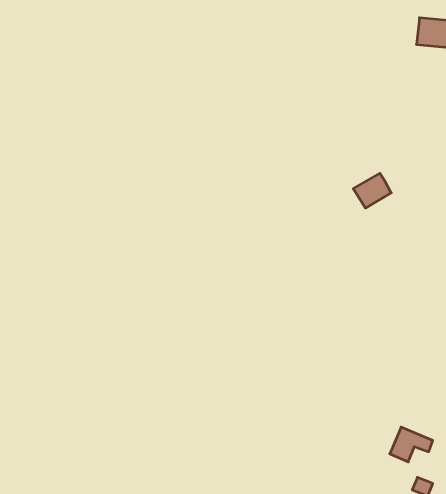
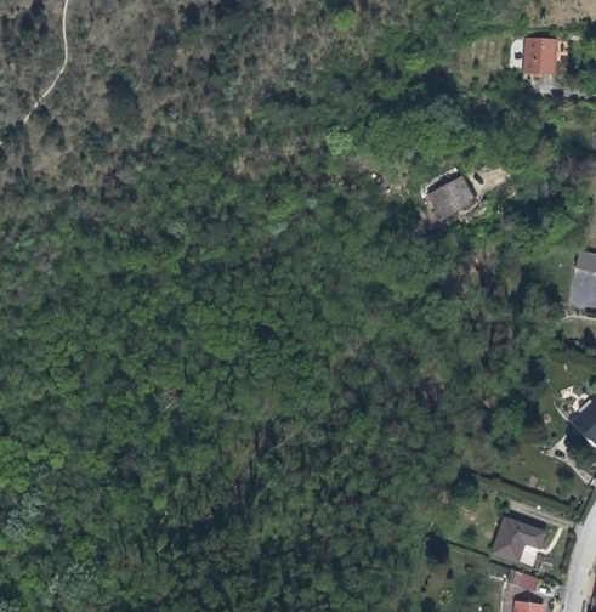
building: [353,173,391,208] -> [428,178,473,220]

